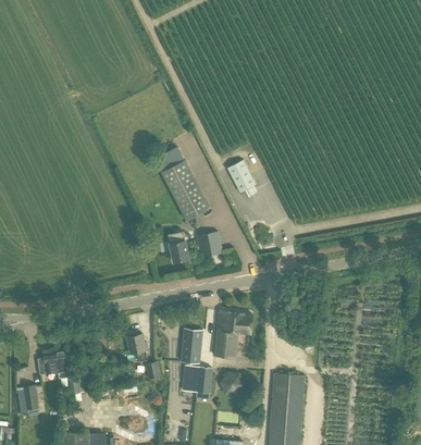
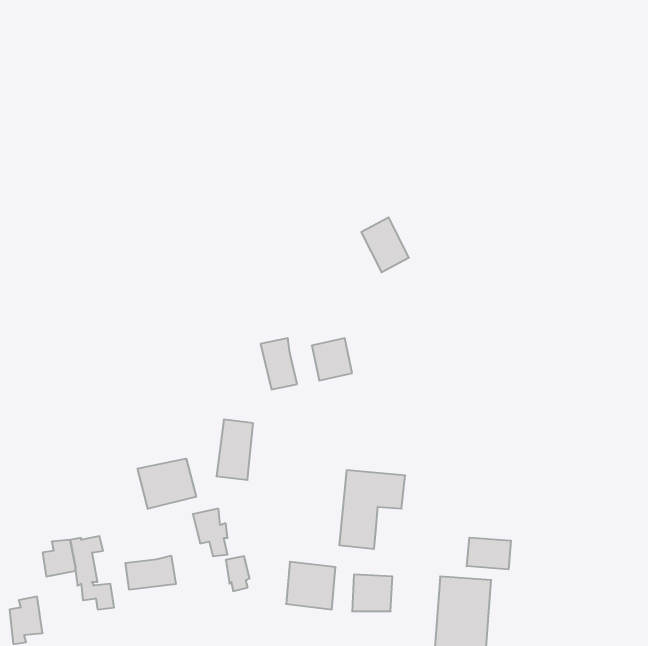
building: [161,160,209,220] -> none
building: none -> [138,459,196,509]
building: [179,327,201,363] -> [216,420,253,480]
building: none -> [467,538,511,569]
building: none -> [125,556,176,590]

